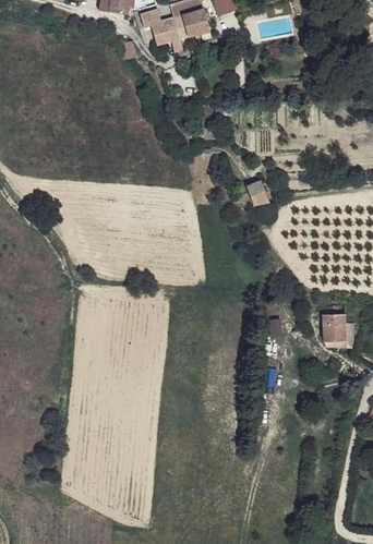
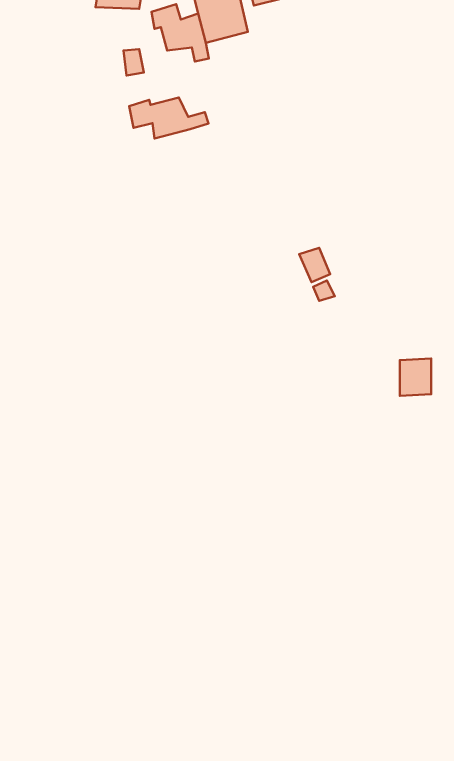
building: none -> [129,98,208,139]
building: [323,314,345,340] -> [400,358,431,396]

